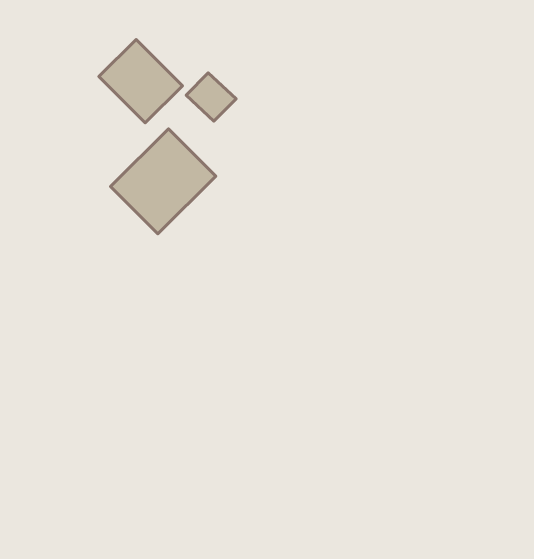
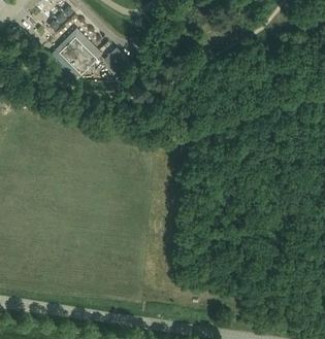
building: [111,129,216,234] -> none

